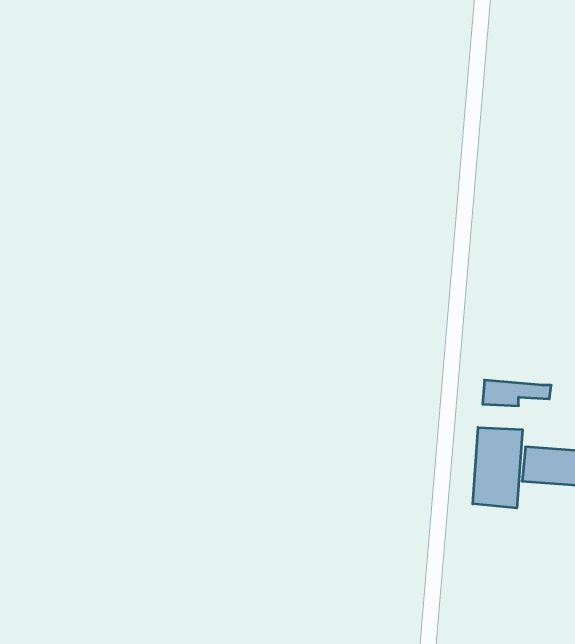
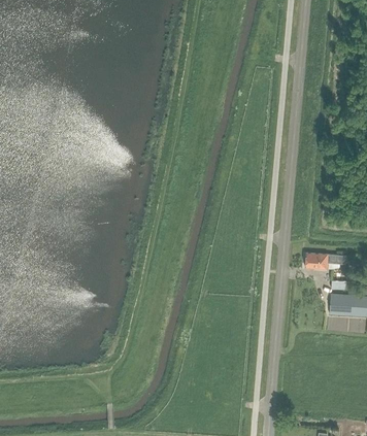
building: [473,427,522,508] -> none

